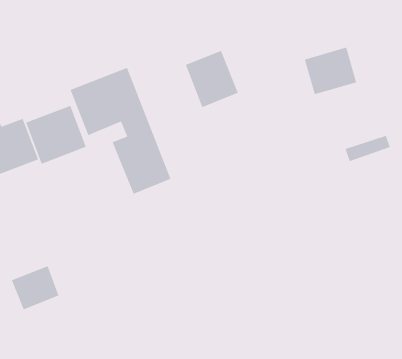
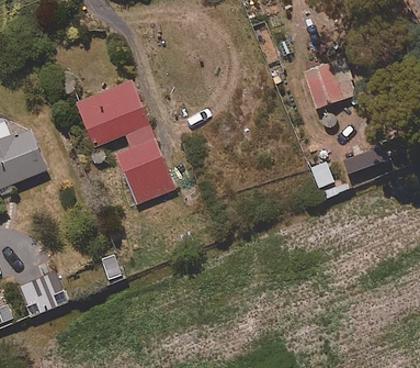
building: [185,50,239,108] -> none
building: [25,105,87,165] -> none

